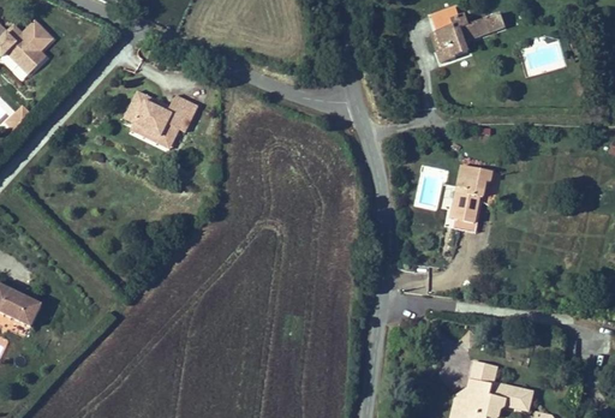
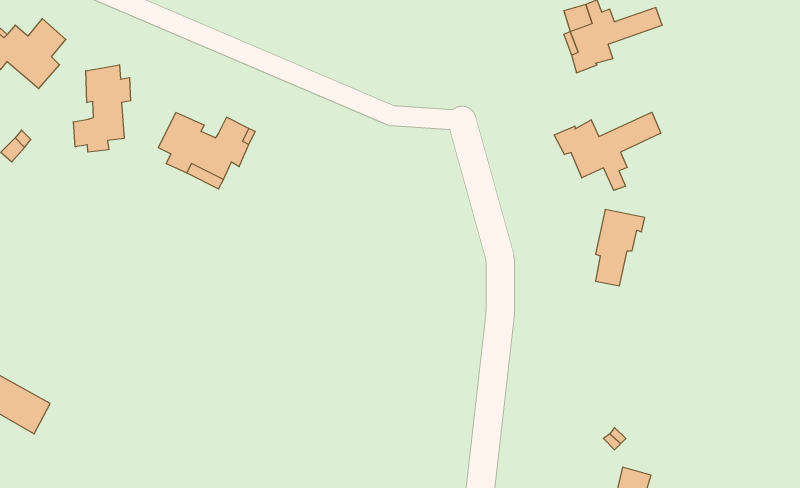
building: none -> [73,65,131,152]
building: none -> [554,112,661,190]

